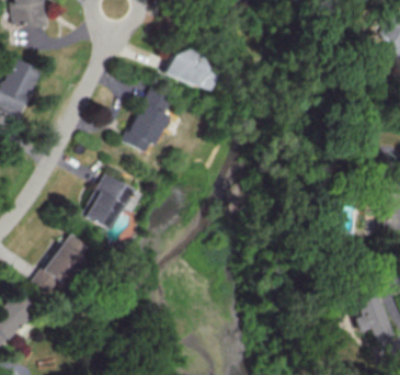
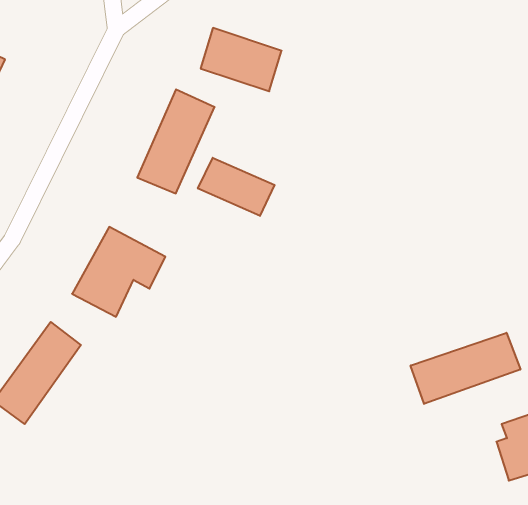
building: none -> [198,158,275,216]
building: none -> [411,333,520,404]

